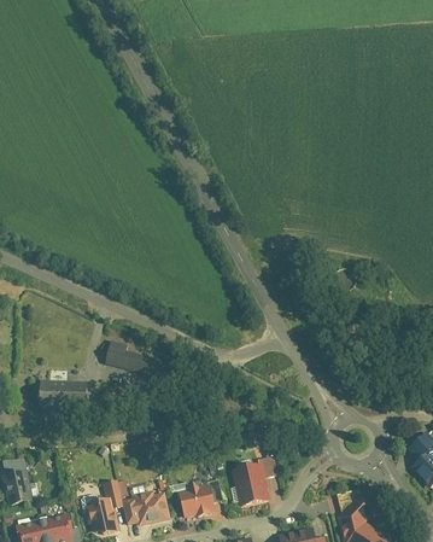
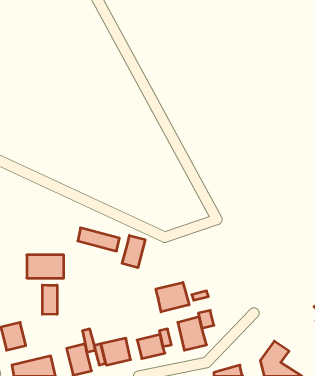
building: none -> [122,235,145,268]
building: none -> [156,282,189,312]
building: none -> [42,285,57,314]

